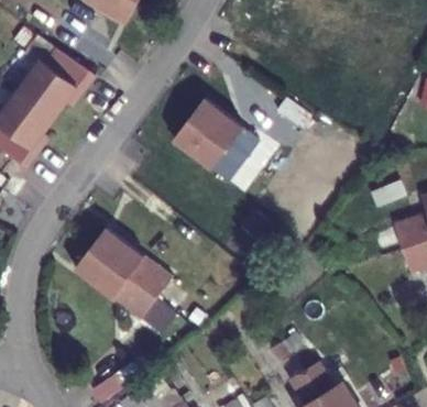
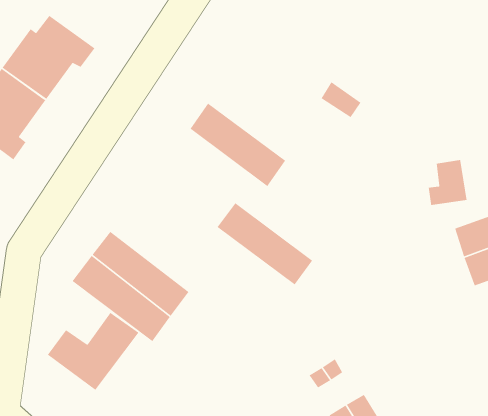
building: [188,99,269,168] -> [217,202,313,286]
building: none -> [47,312,140,391]

